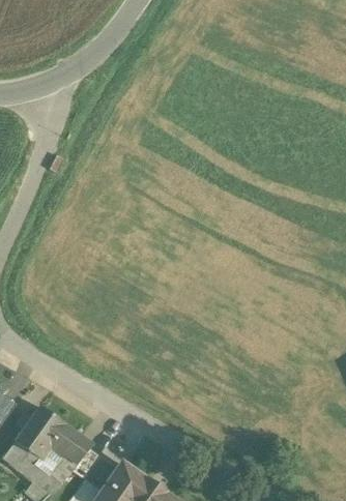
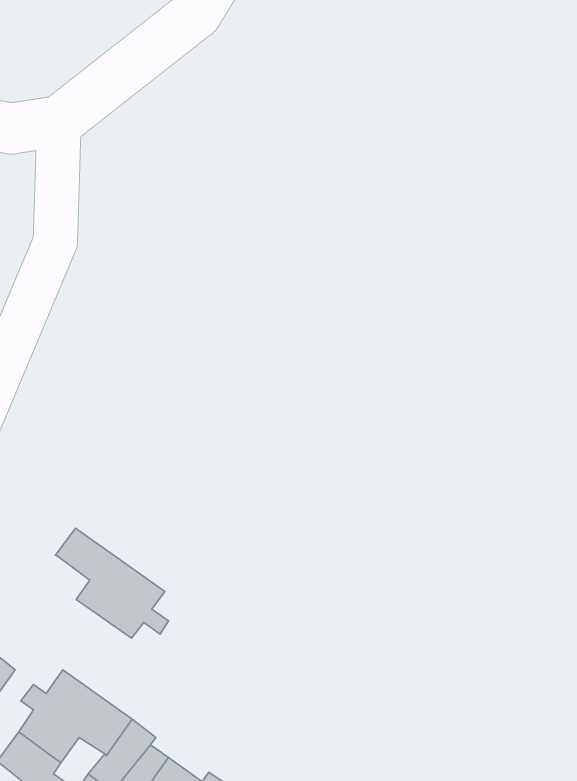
building: none -> [56,528,168,638]

